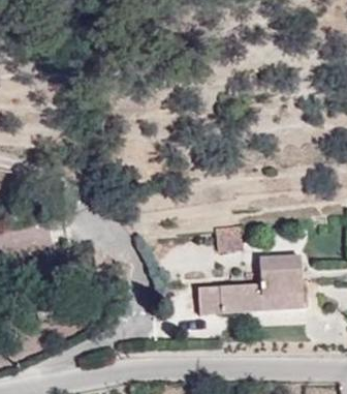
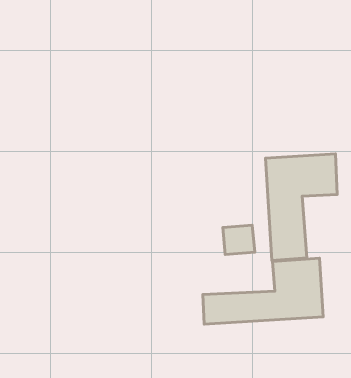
building: none -> [265,154,337,260]

